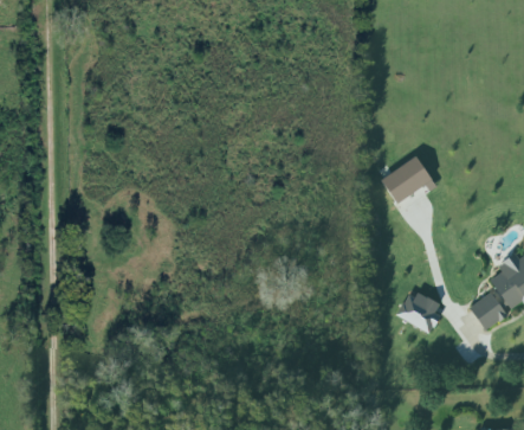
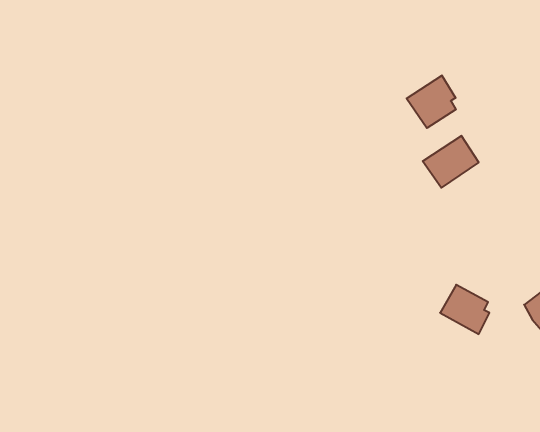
building: none -> [407,75,456,128]

